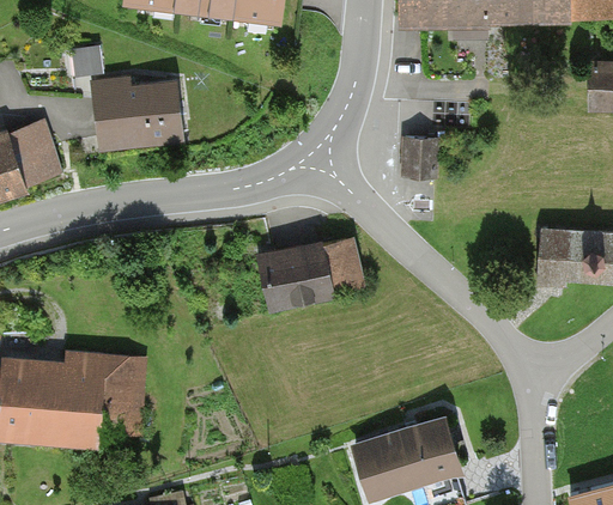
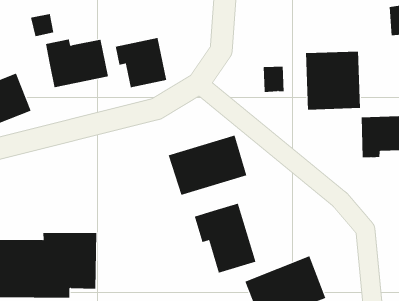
building: none -> [115,37,167,88]
building: none -> [305,51,360,111]
building: none -> [194,203,256,274]

